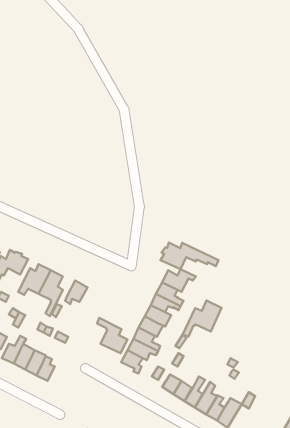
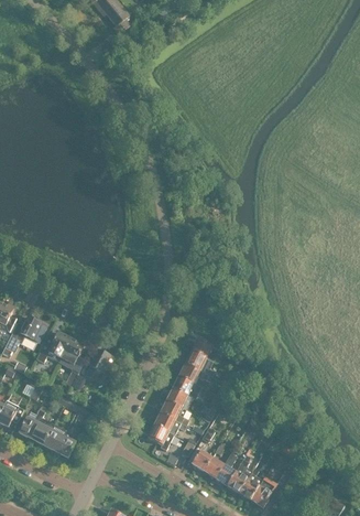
building: [161,242,219,269] -> none
building: [183,301,222,337] -> none
building: [97,318,127,353] -> none

